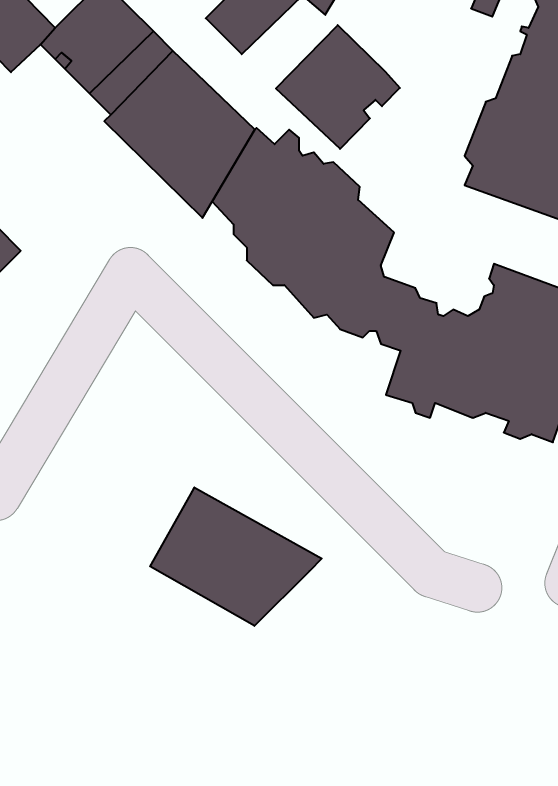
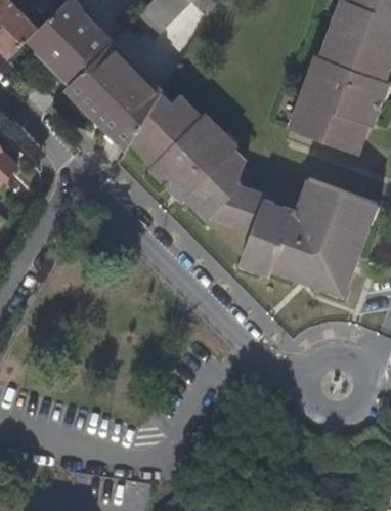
building: [276,25,400,149] -> none
building: [150,487,322,626] -> none

